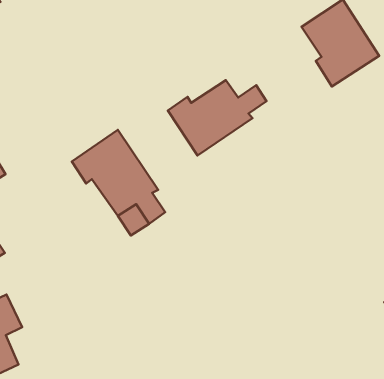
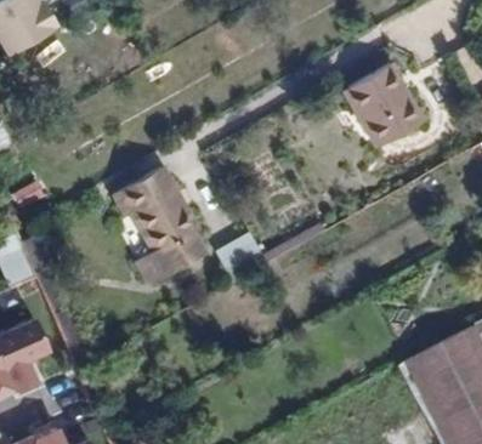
building: [168,80,266,156] -> none
building: none -> [214,233,262,280]

